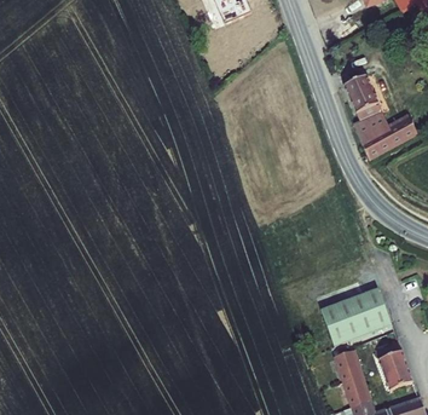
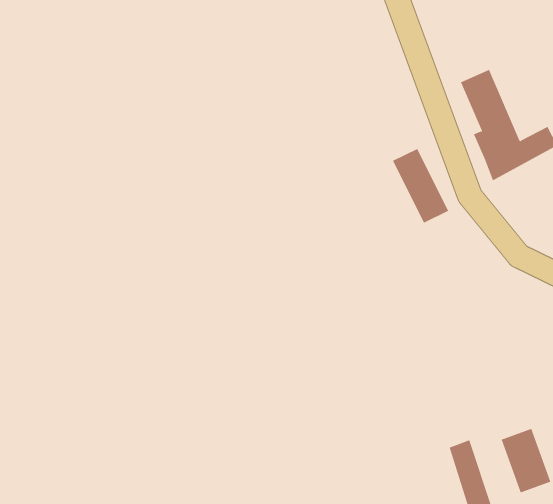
building: none -> [392,148,449,224]
building: [322,288,392,344] -> none

